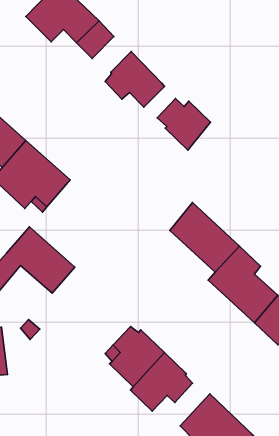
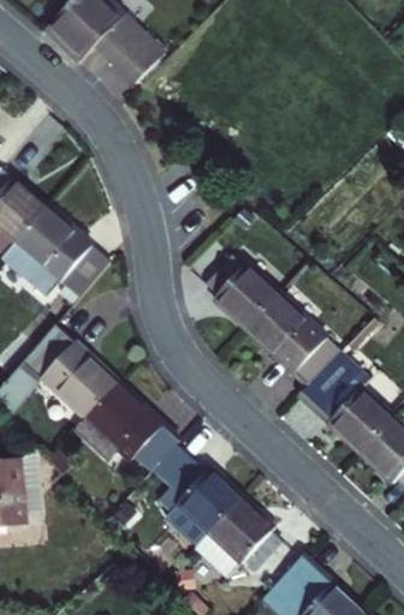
building: [105,52,164,107] -> none
building: [157,99,210,150] -> [204,258,278,329]
building: none -> [73,380,182,467]

